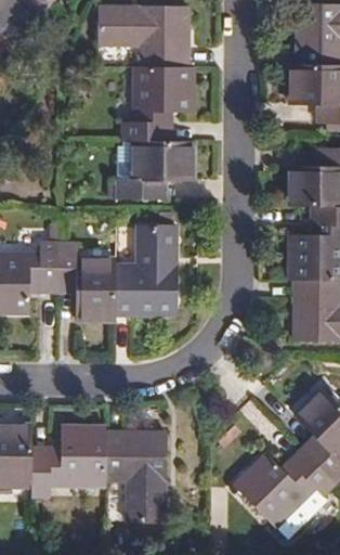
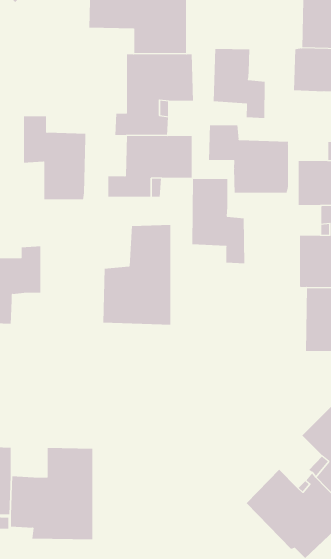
building: none -> [213,48,265,119]
building: none -> [208,125,288,194]
building: none -> [192,178,245,264]
building: [56,243,114,320] -> [23,116,86,200]
building: [104,431,167,520] -> none

